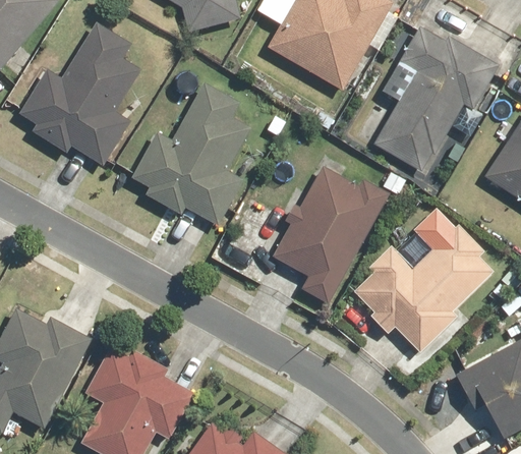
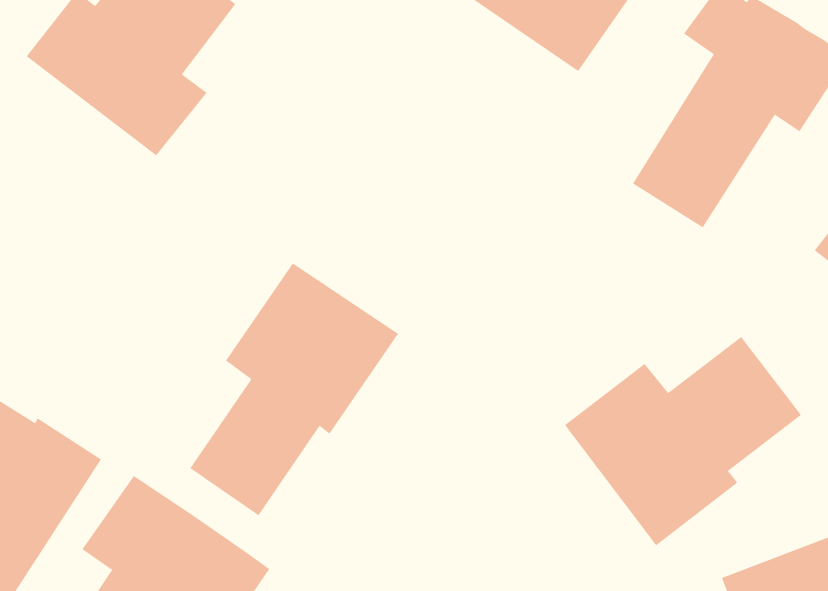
building: [133,80,250,225] -> none
building: [272,165,391,303] -> none
building: none -> [189,262,399,516]

